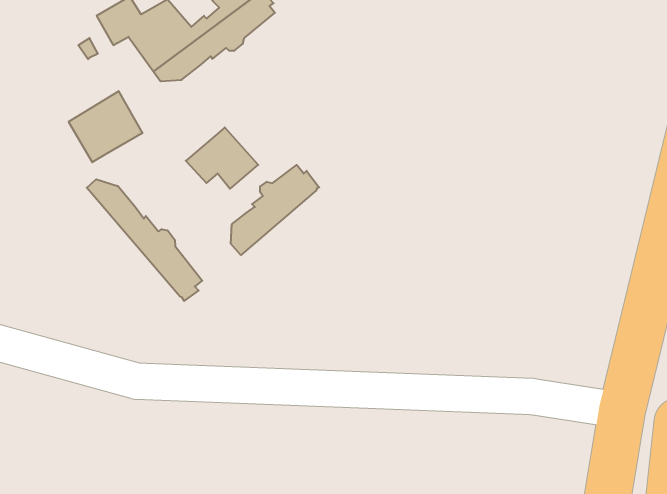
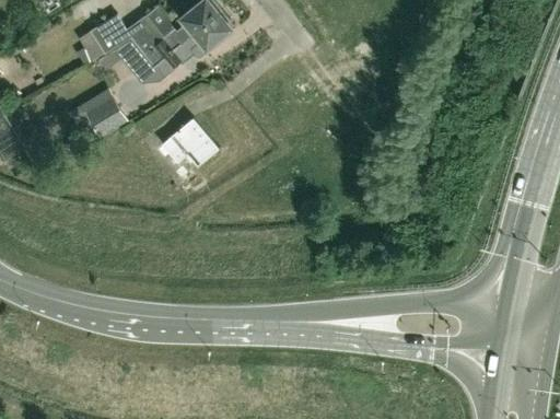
building: [231,165,319,255] -> none
building: [87,179,202,301] -> none

